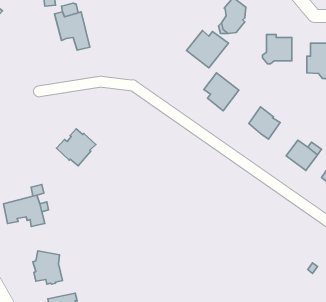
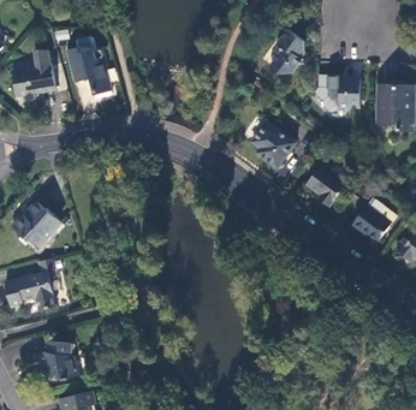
building: none -> [12,49,55,100]
building: [186,31,228,68] -> none
building: [57,129,96,166] -> [12,202,60,248]

